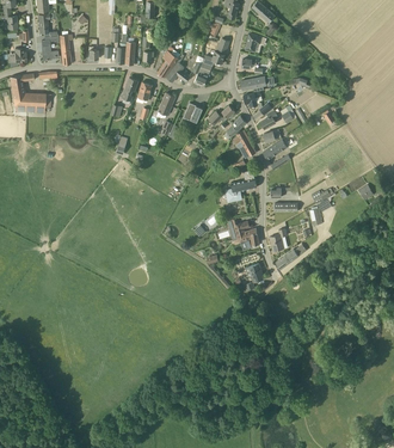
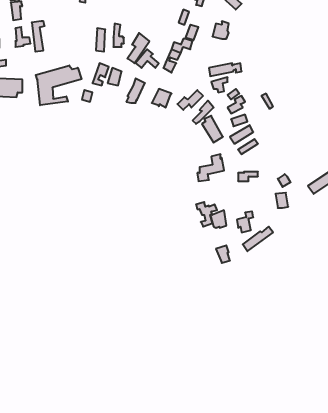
building: none -> [36,65,82,105]

